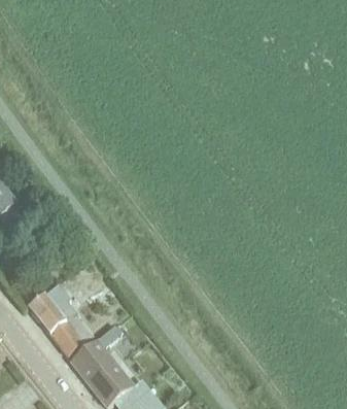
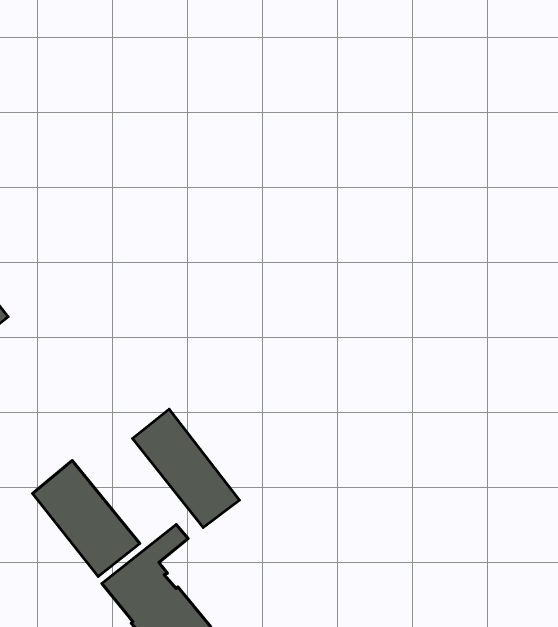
building: none -> [132,409,240,528]

